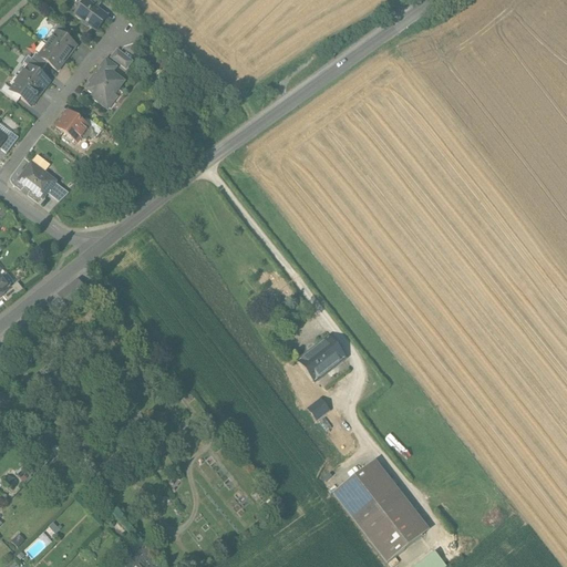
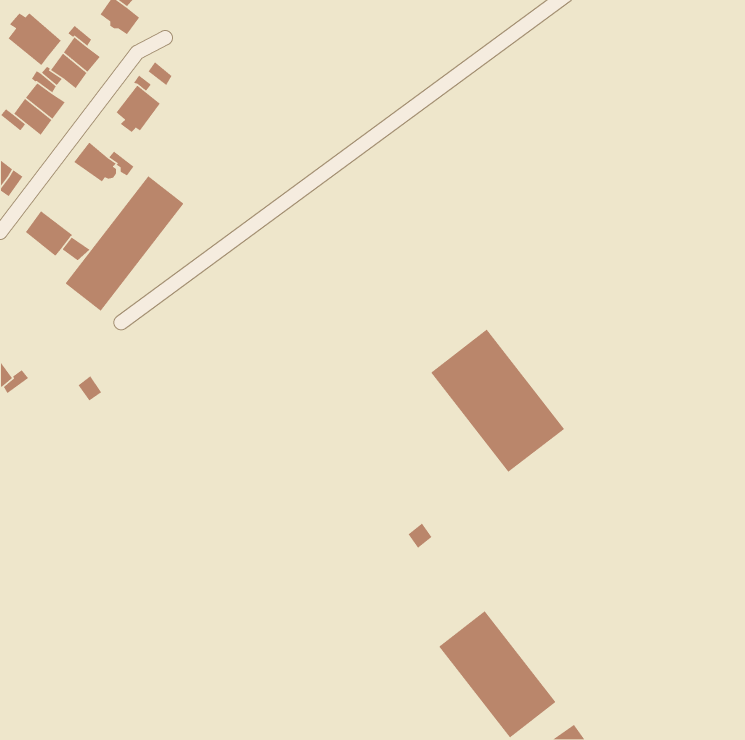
building: none -> [7,12,62,66]
building: none -> [64,175,185,312]
building: none -> [430,329,565,473]
building: [299,334,346,379] -> none

